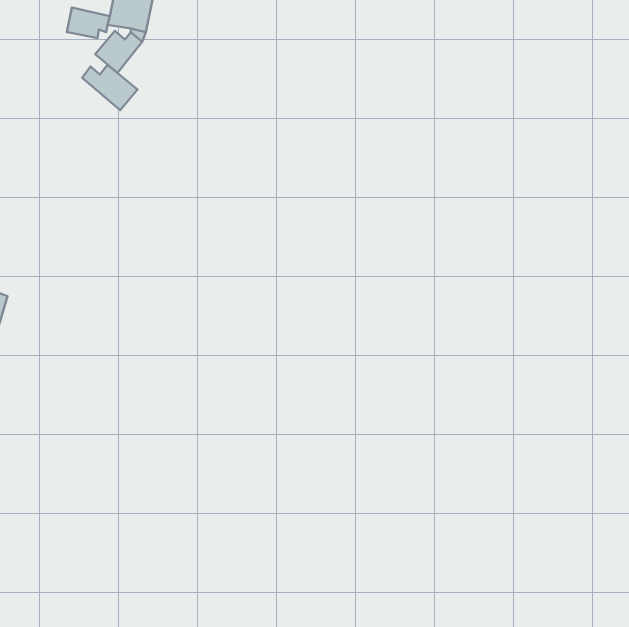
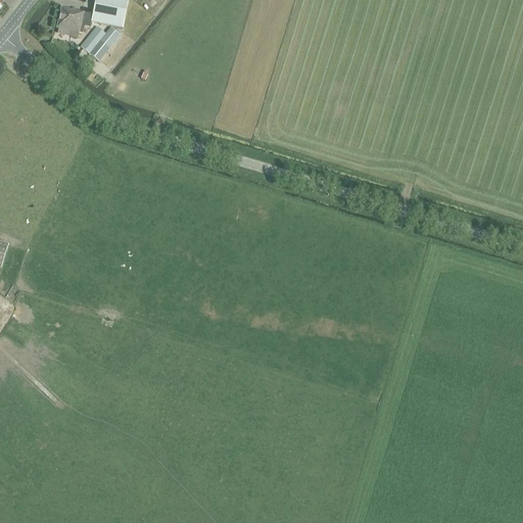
building: [82,65,137,110] -> none

